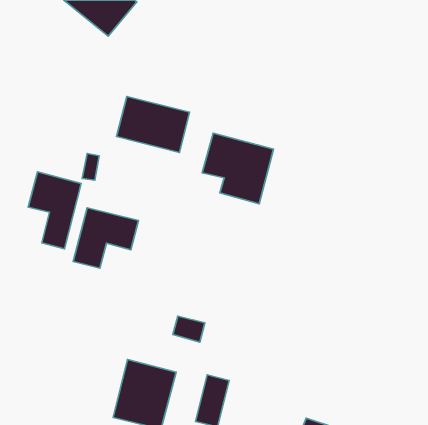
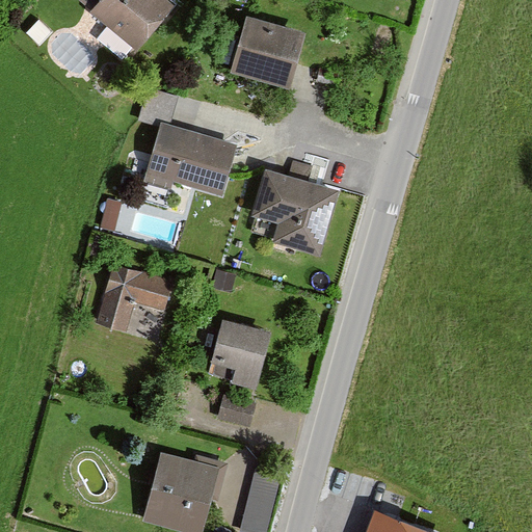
building: none -> [229,17,304,88]
building: [28,172,81,249] -> none
building: none -> [209,321,268,381]

